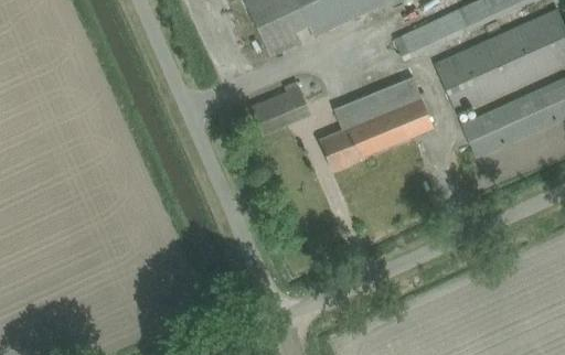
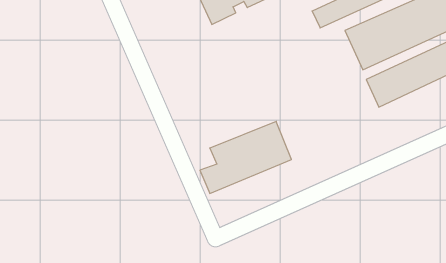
building: [319,79,433,169] -> [200,121,291,193]
building: [252,82,310,133] -> none

